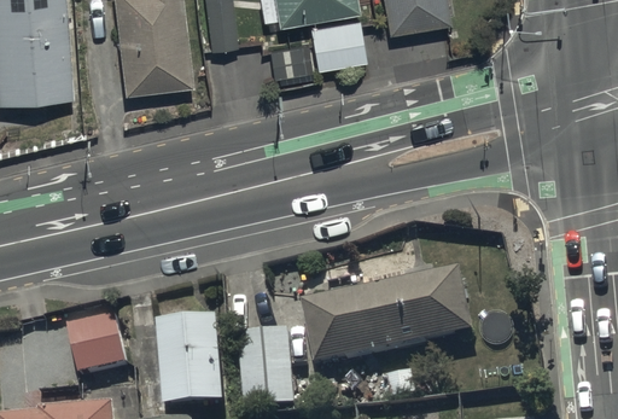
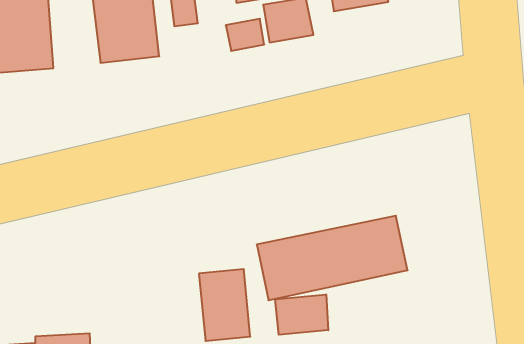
building: [68,314,127,372] -> none
building: [156,315,223,403] -> none
building: none -> [275,294,328,335]

